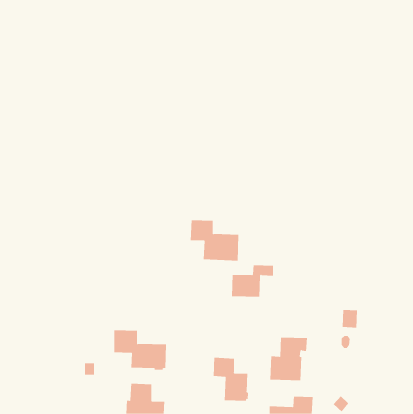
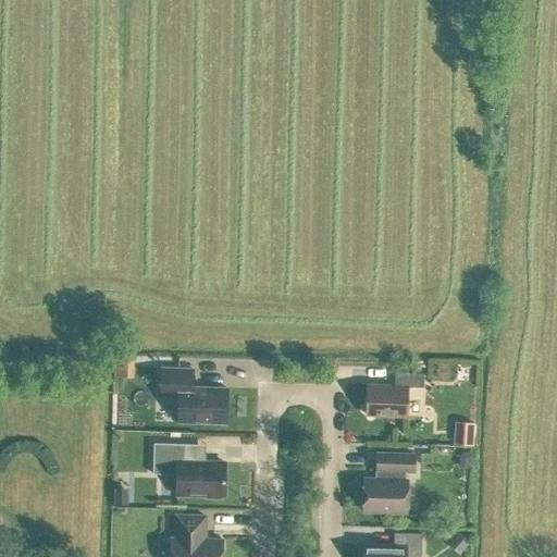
building: [190,220,239,261] -> [161,368,227,423]
building: [231,265,274,297] -> [367,372,424,416]
building: [213,357,249,402] -> none

